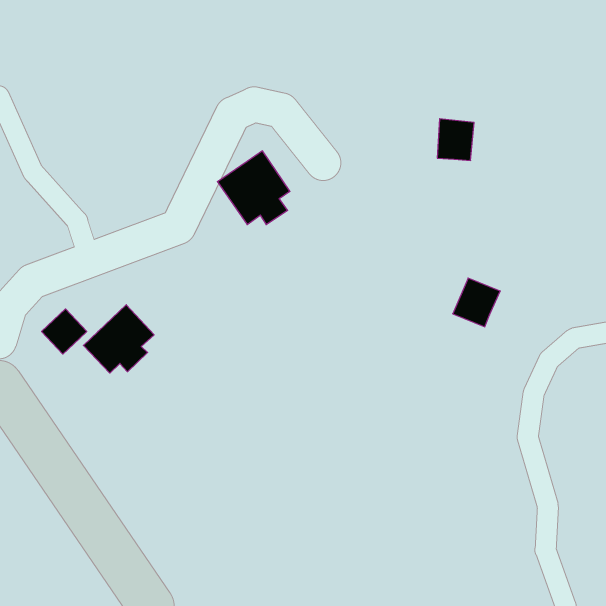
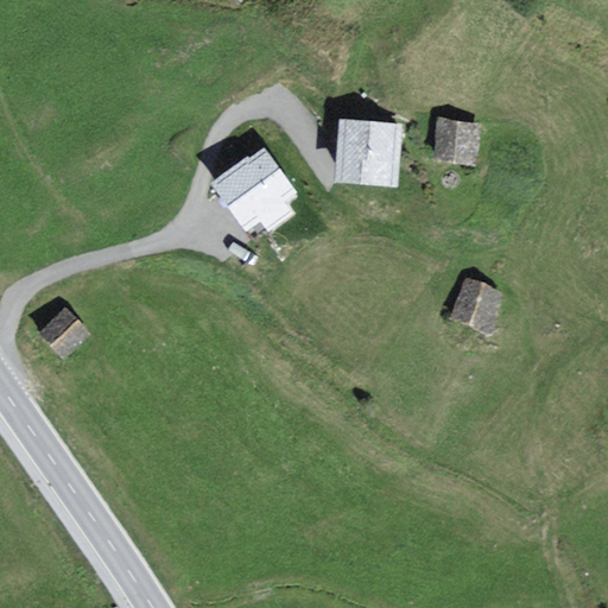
building: none -> [338,120,393,180]
building: [83,305,154,373] -> none

